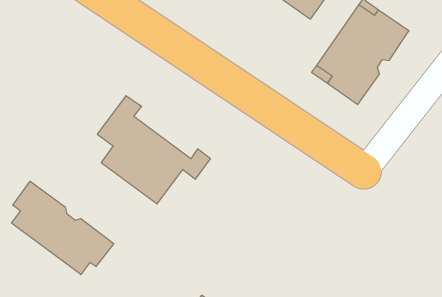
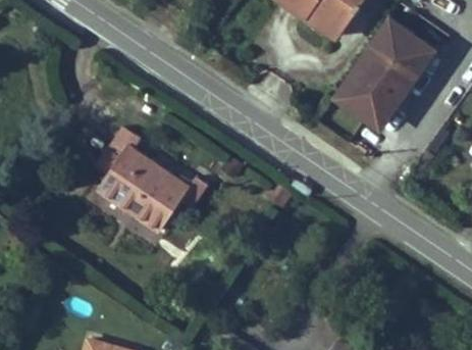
building: [12,181,114,275] -> none

